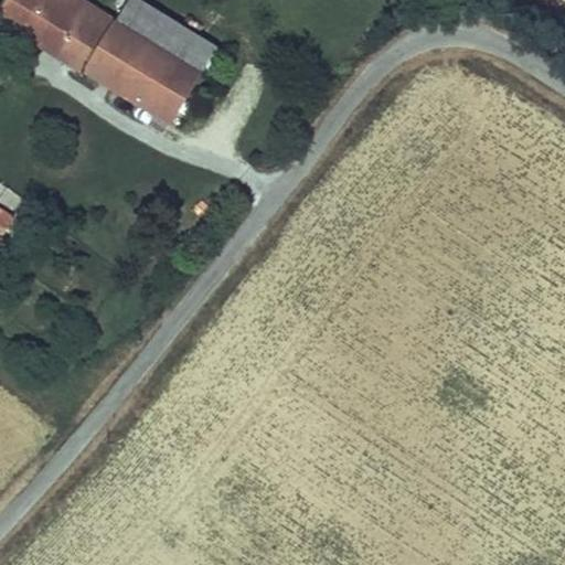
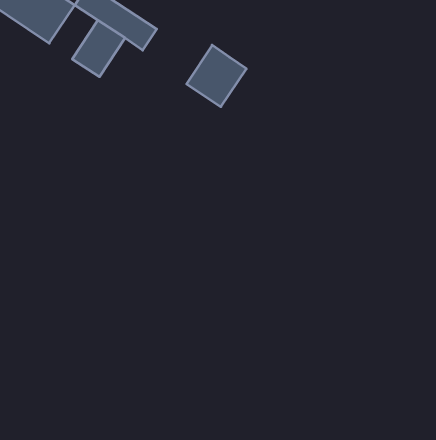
building: [62,7,122,74] -> none
building: [125,47,200,125] -> [187,45,246,107]

